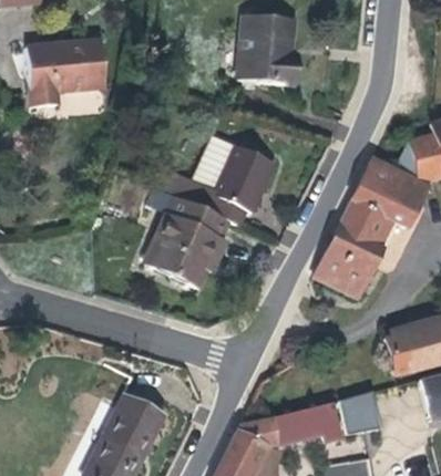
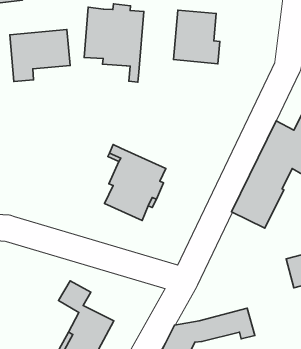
building: none -> [84,4,144,82]
building: [171,132,275,225] -> none
building: [340,390,384,434] -> none

